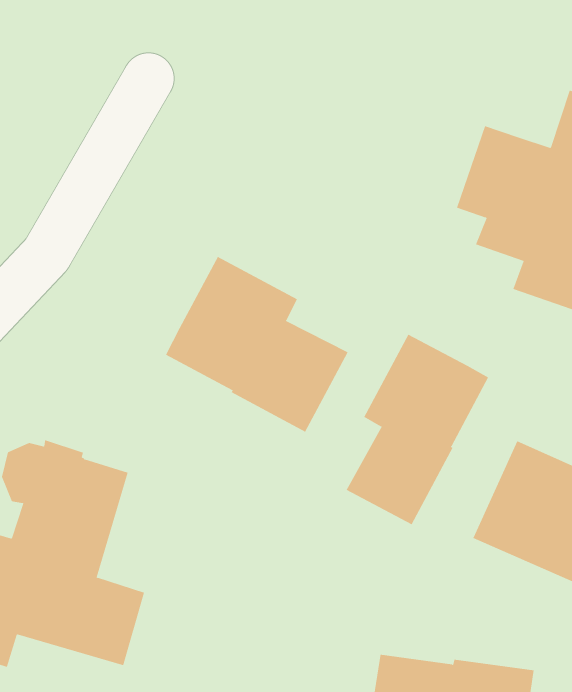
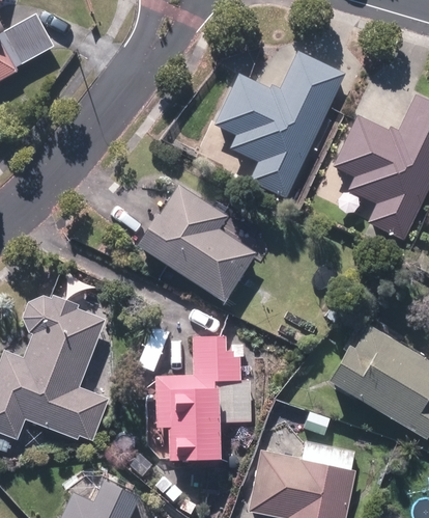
building: none -> [214,52,344,198]
building: [346,334,489,525] -> none
building: none -> [154,336,242,462]

